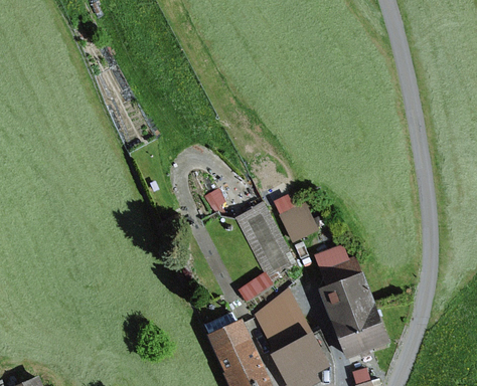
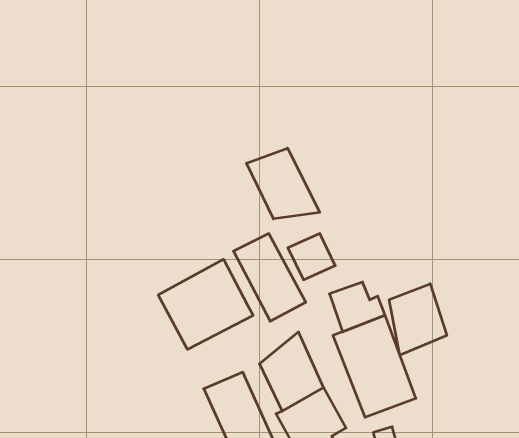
building: none -> [247,148,320,219]
building: none -> [158,259,253,349]
building: none -> [389,284,447,355]

